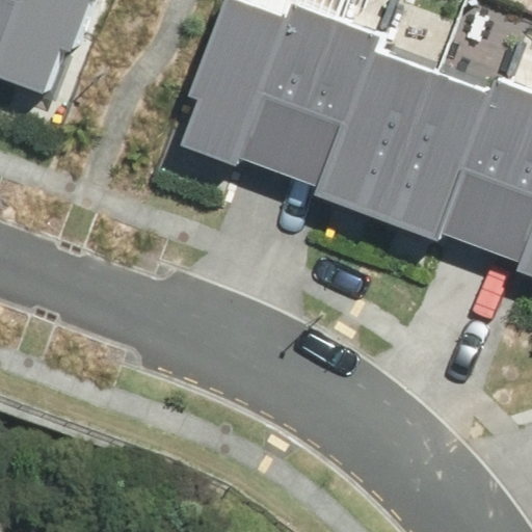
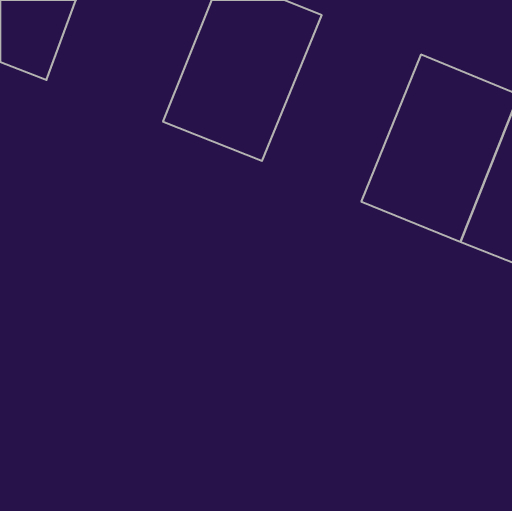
building: [274,22,437,213] -> none

